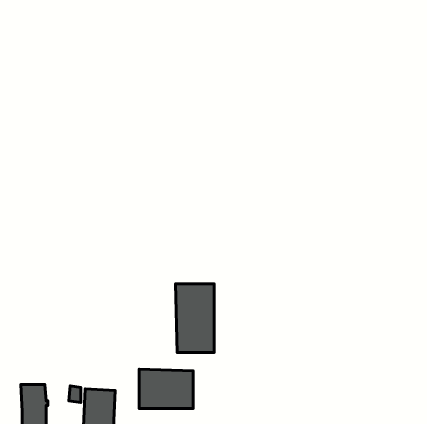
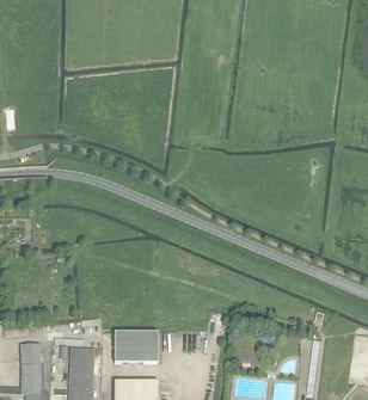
building: [176,284,214,352] -> none

